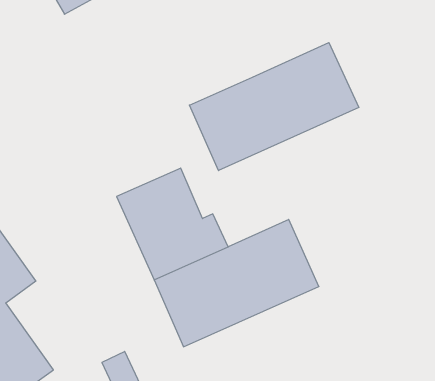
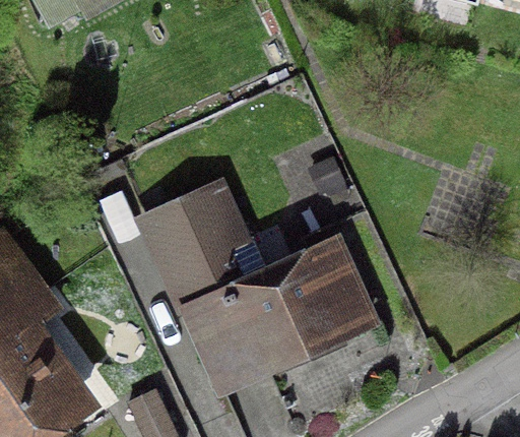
building: [189,43,359,171] -> none

